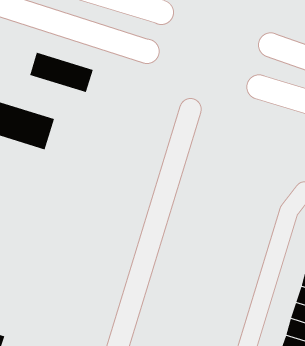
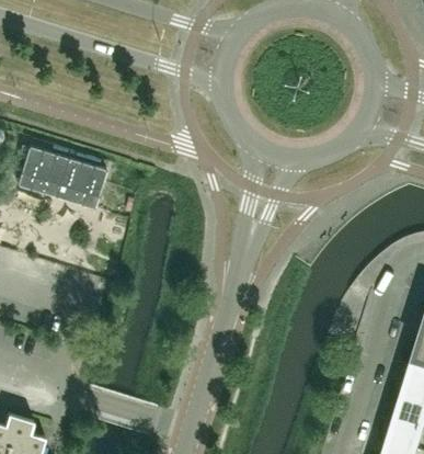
building: [30,52,93,93] -> none

